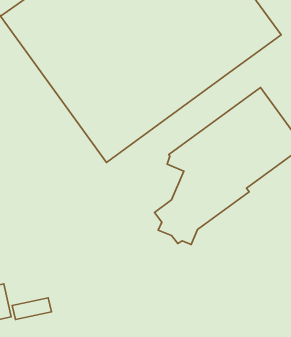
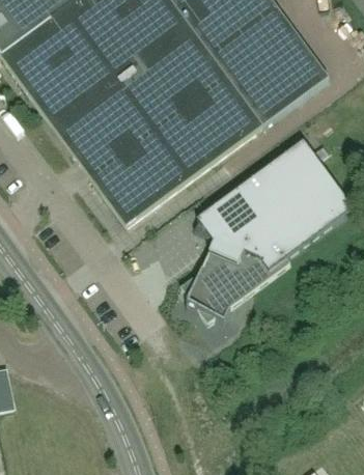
building: [12,298,51,320] -> none

